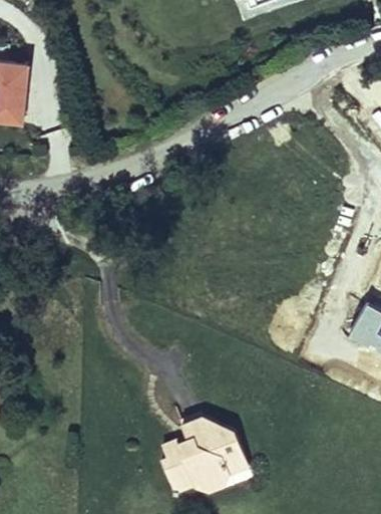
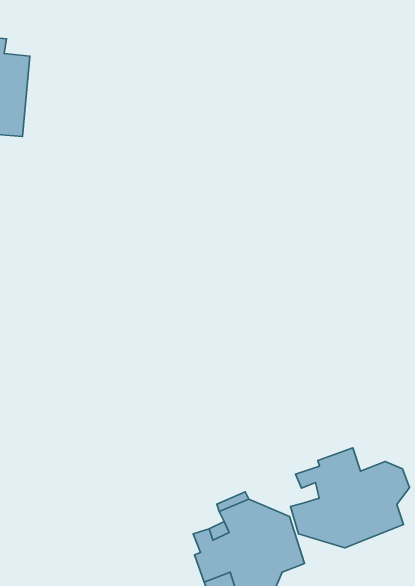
building: none -> [291,448,409,548]

